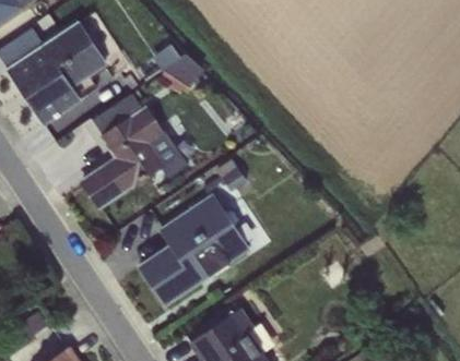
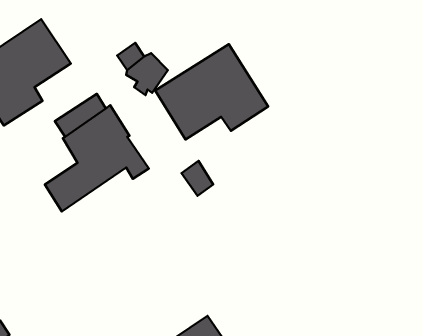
building: none -> [155,44,268,139]
building: [139,193,248,305] -> none

